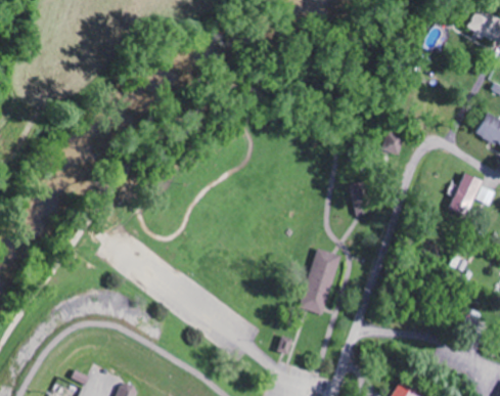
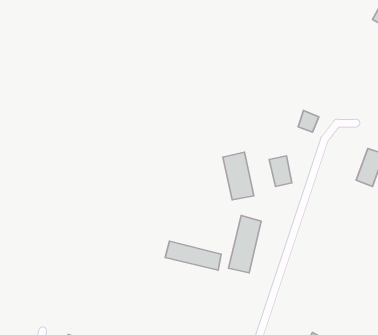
building: none -> [223,152,254,200]
building: none -> [165,241,221,270]

